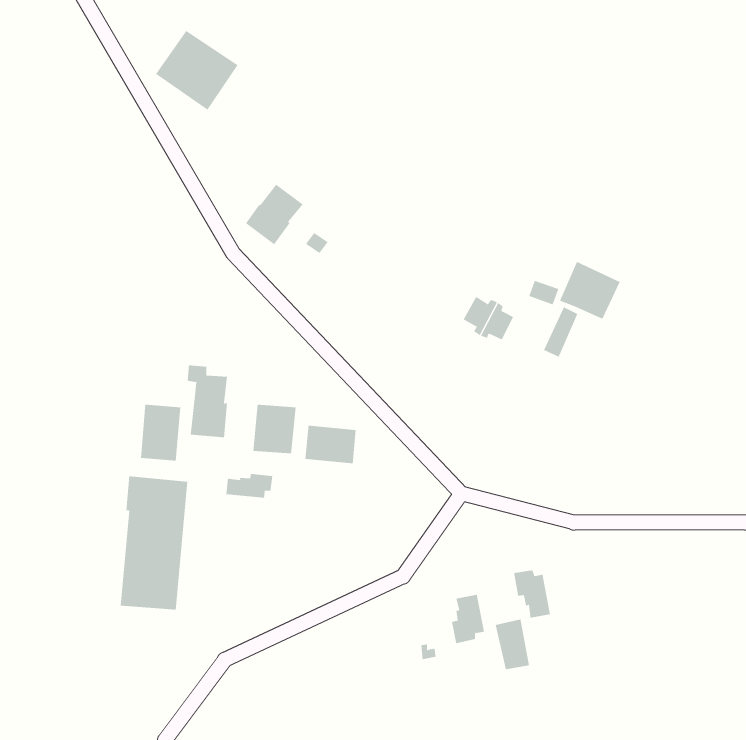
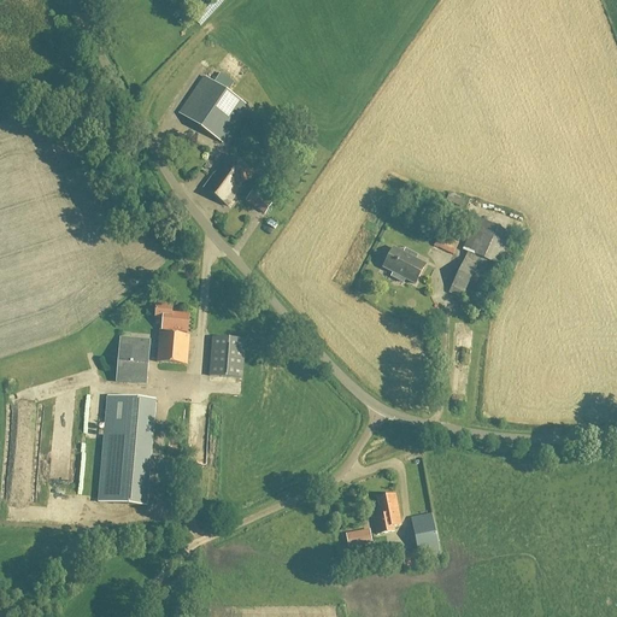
building: [155,30,238,110] -> [178,74,247,140]
building: [305,425,356,464] -> none
building: [226,473,273,498] -> none
building: [514,570,550,618] -> none

